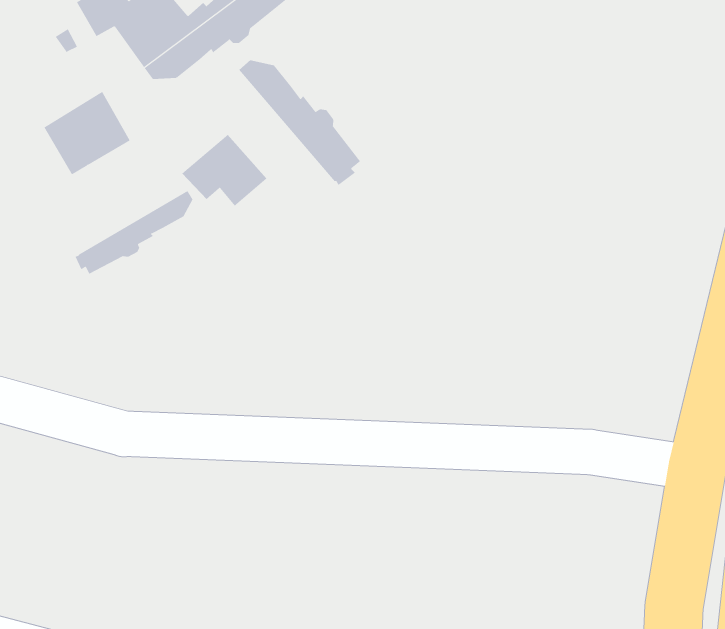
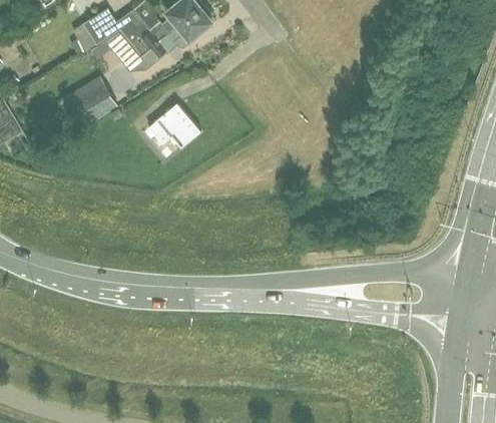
building: [239,59,361,186] -> none
building: [75,190,193,275] -> none

